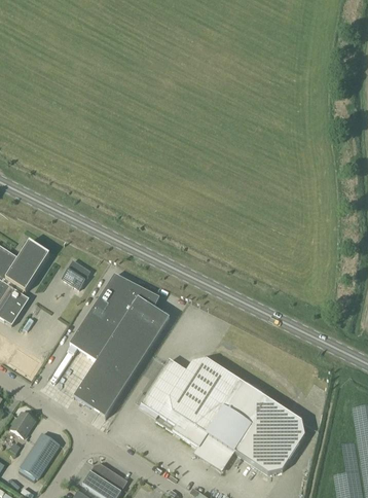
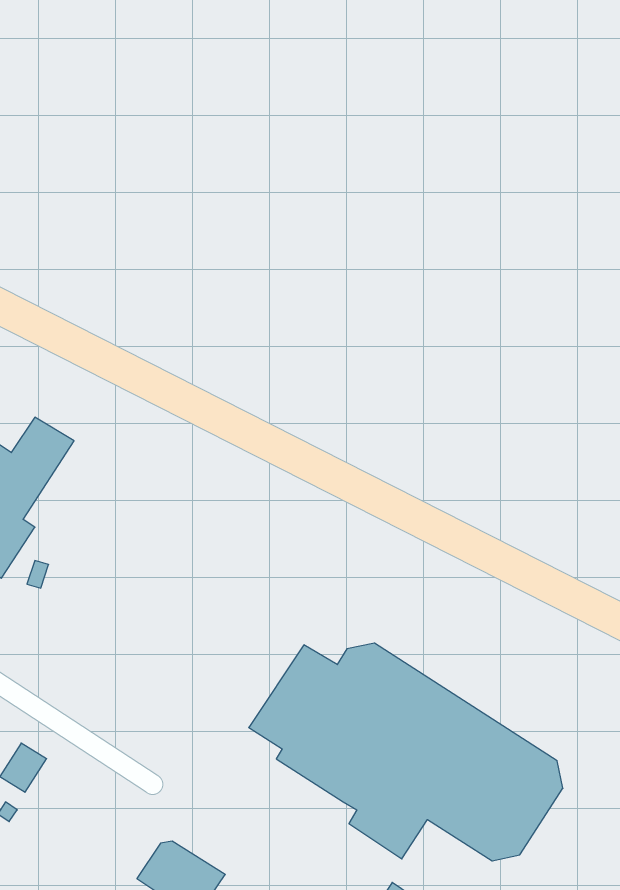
building: [60,259,89,288] -> none
building: [69,274,169,417] -> none
building: [16,432,59,479] -> none

